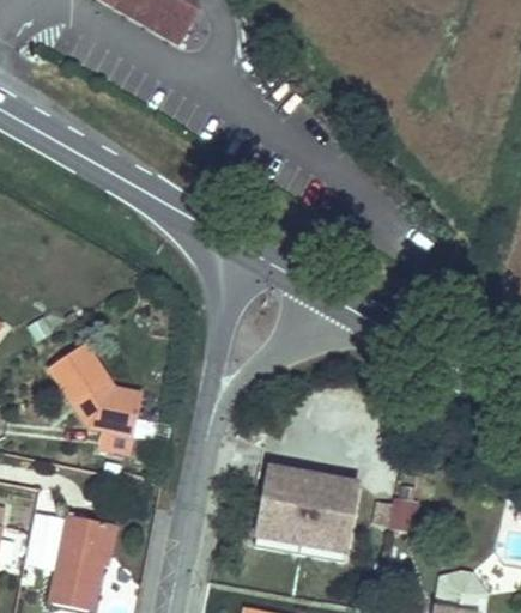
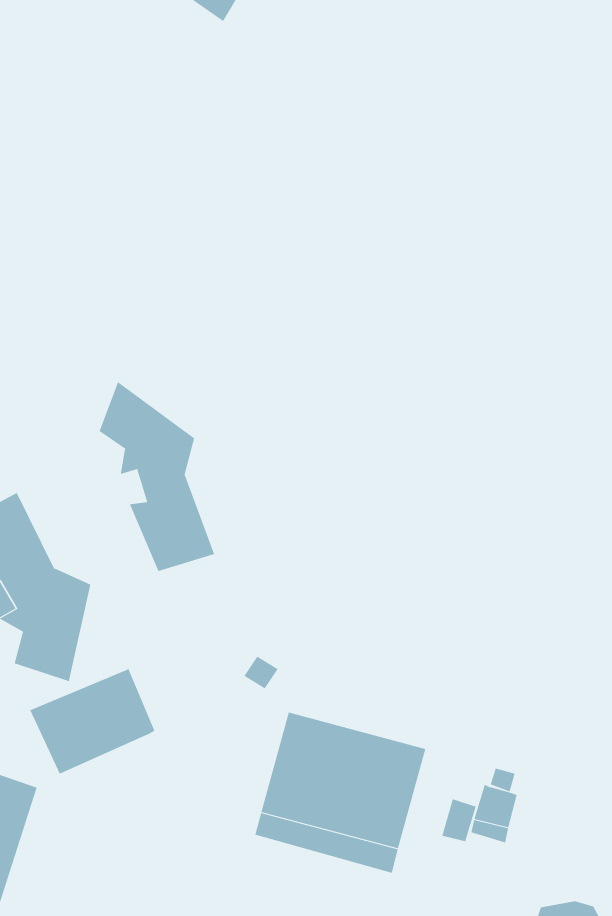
building: none -> [99,381,215,572]
building: none -> [29,668,155,774]

